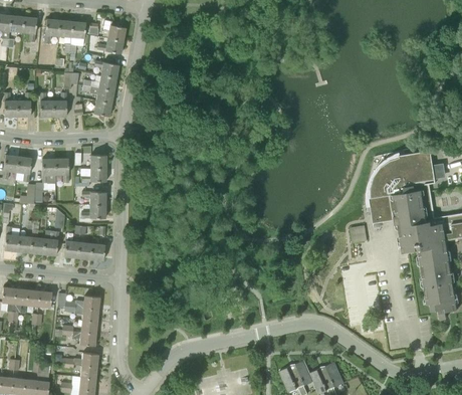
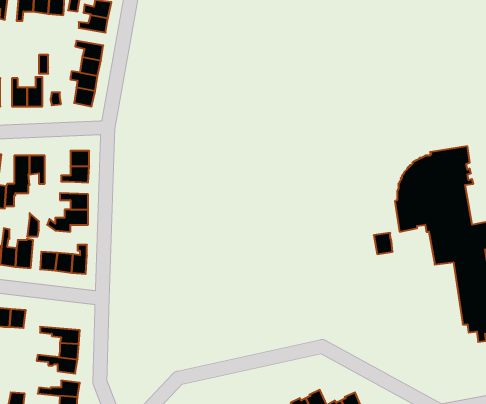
building: [57,287,99,309] -> none

